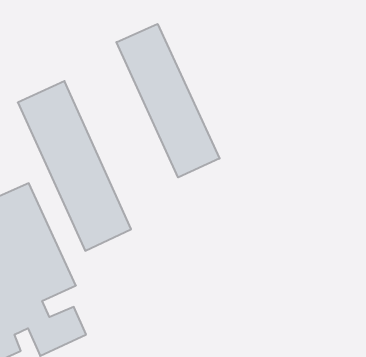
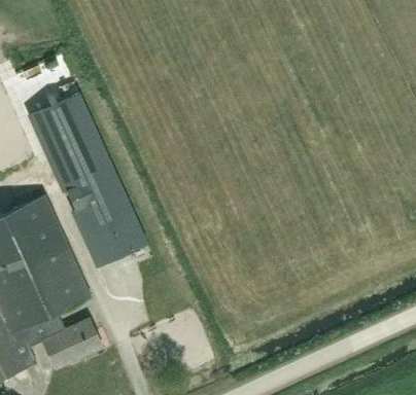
building: [116,24,220,177] -> none

